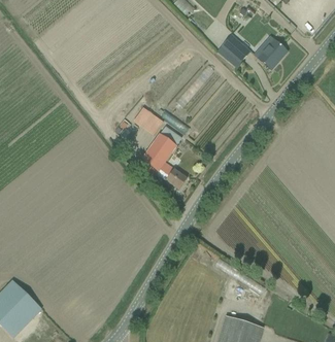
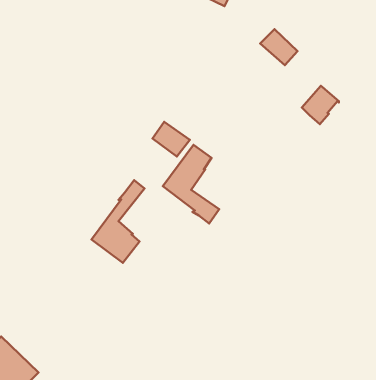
building: [258,38,288,69] -> [302,86,339,124]
building: none -> [92,180,144,263]

